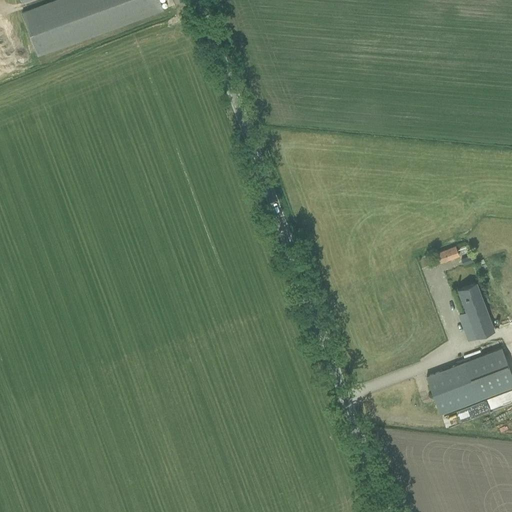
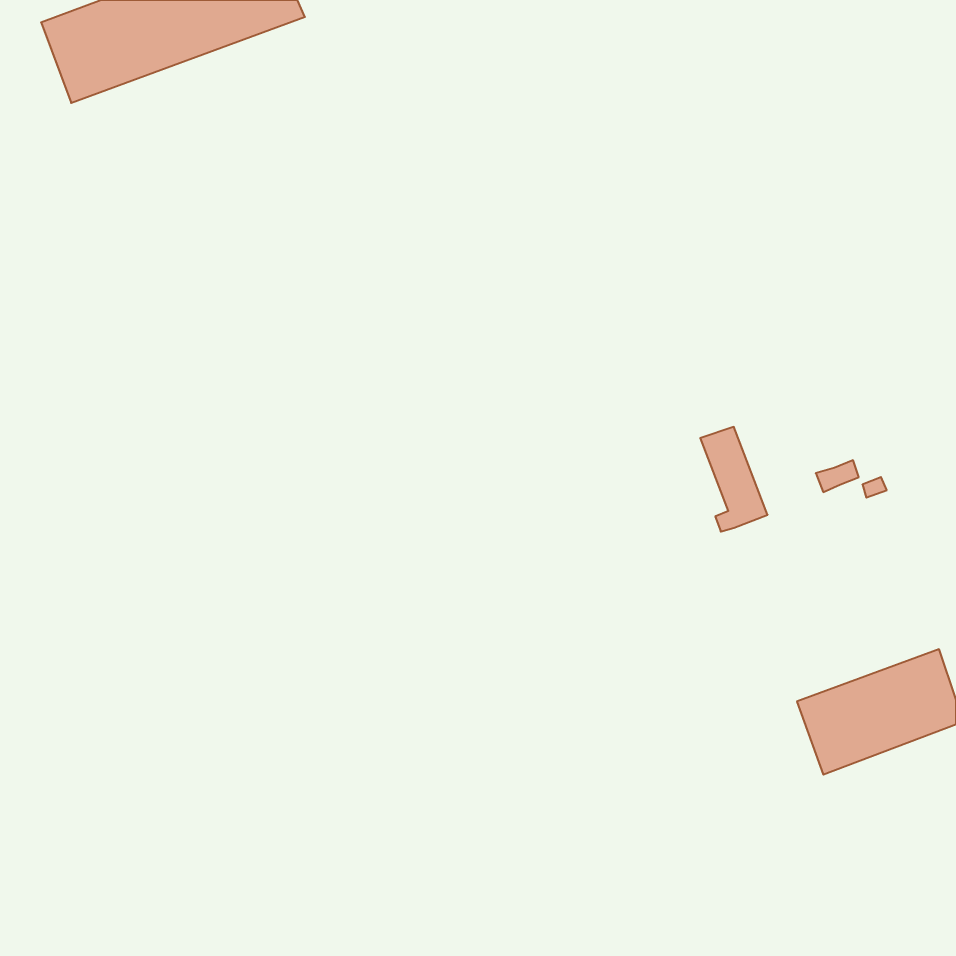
building: [458,283,494,339] -> [700,427,768,532]

